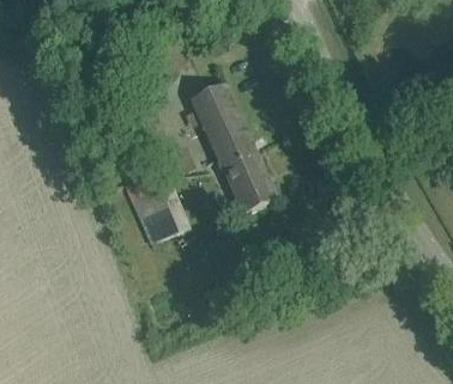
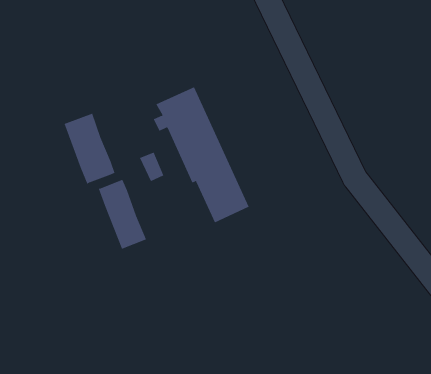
building: none -> [64,113,115,185]

